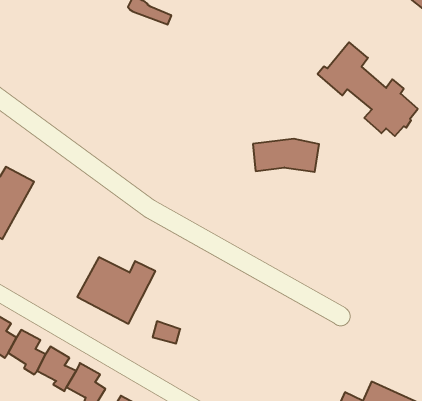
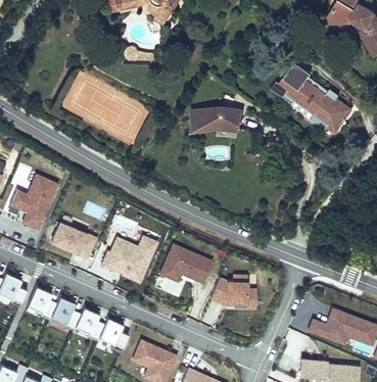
building: [253,139,319,172] -> [182,105,232,133]
building: none -> [51,222,96,257]
building: none -> [160,245,213,283]
building: none -> [210,276,256,309]

